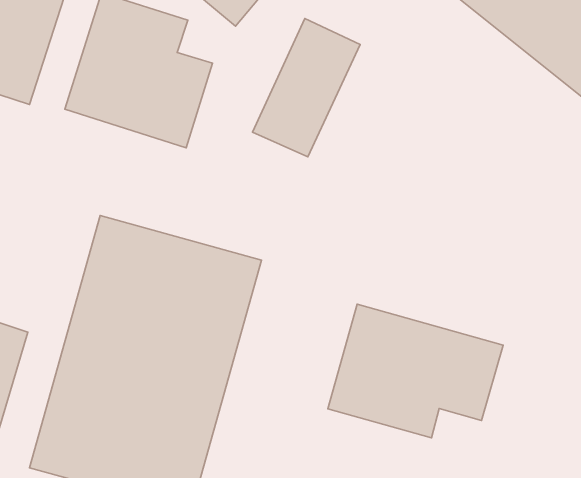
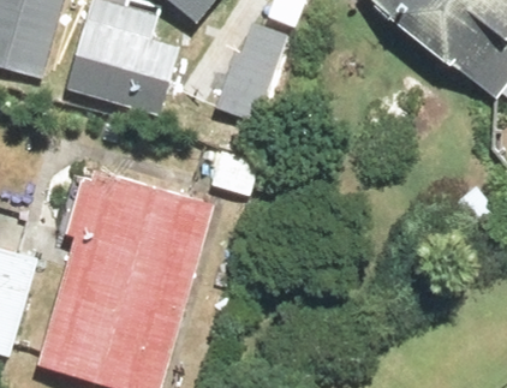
building: [328,304,503,438] -> none

